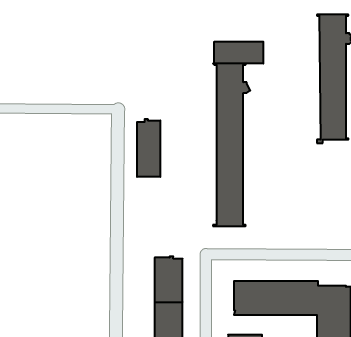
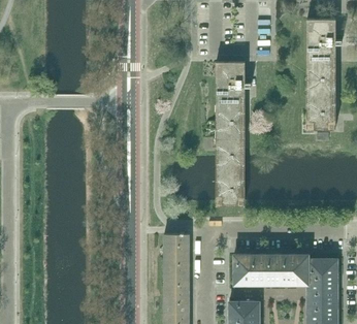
building: [214,42,263,64] -> none
building: [137,119,160,177] -> none

